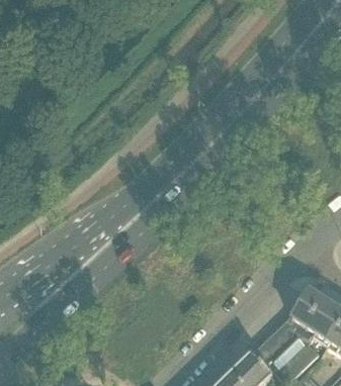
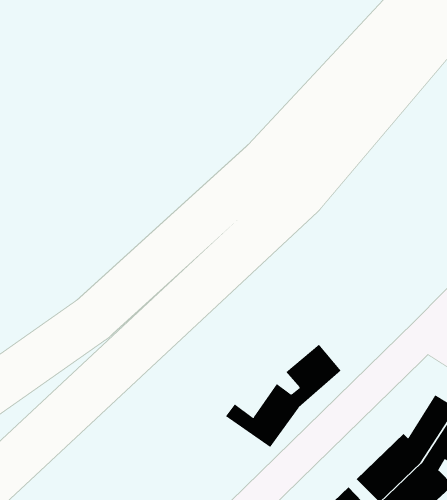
building: none -> [225,344,342,448]

